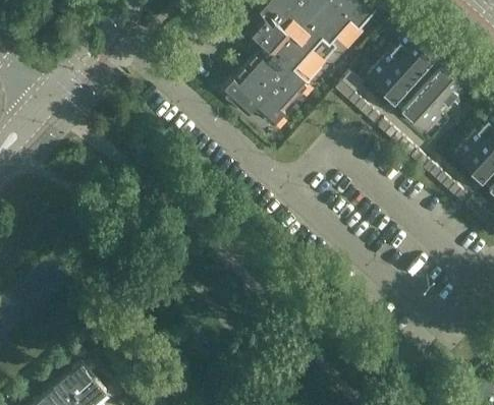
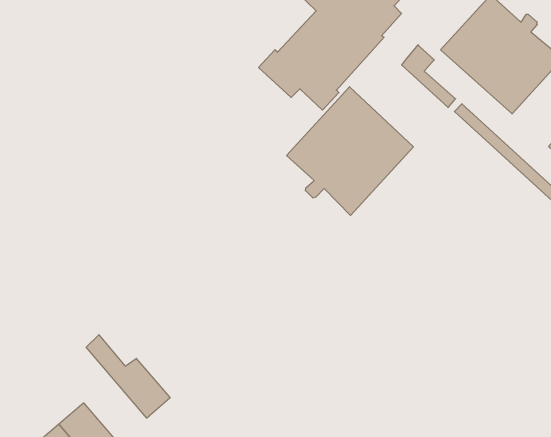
building: none -> [287,87,413,215]
building: none -> [86,335,170,418]

